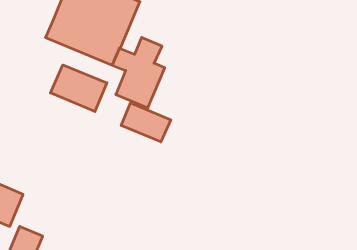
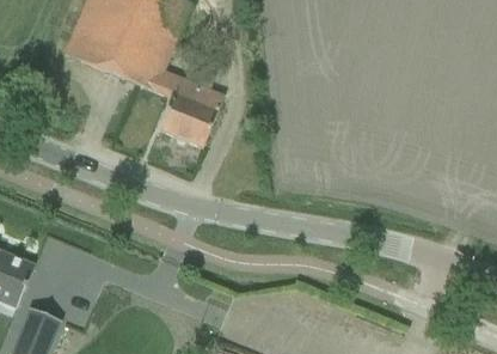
building: [50,65,107,112] -> none
building: [121,103,171,142] -> none

